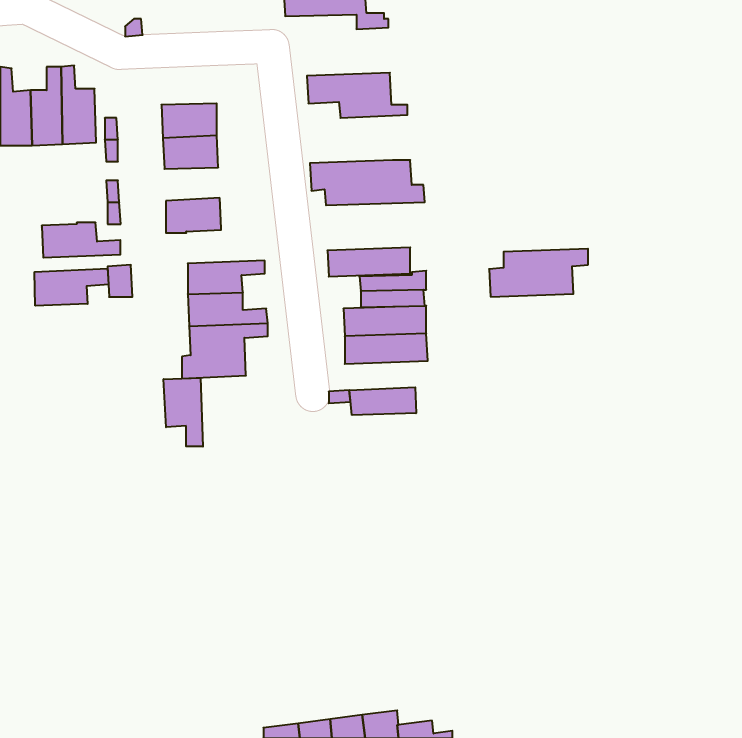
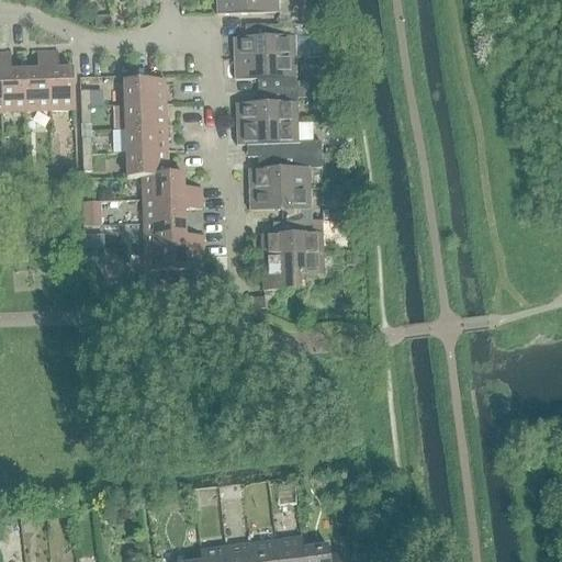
building: none -> [233,22,295,57]
building: none -> [235,87,324,123]
building: none -> [125,126,167,151]
building: [42,223,120,258] -> [142,172,201,199]
building: [489,249,588,297] -> [247,153,322,189]
building: [35,269,109,306] -> none
building: [164,378,203,447] -> none
building: [349,387,416,415] -> none

